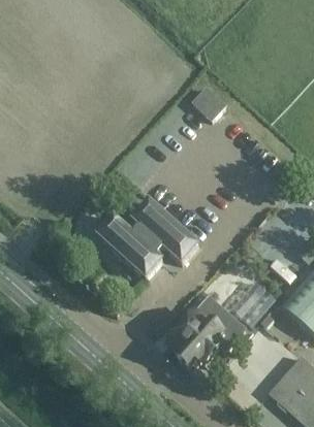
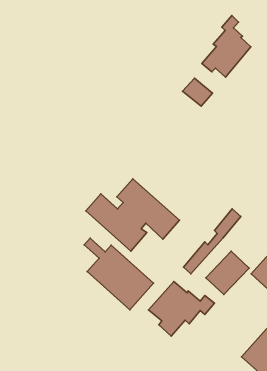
building: none -> [202,16,251,77]
building: none -> [84,238,154,310]

